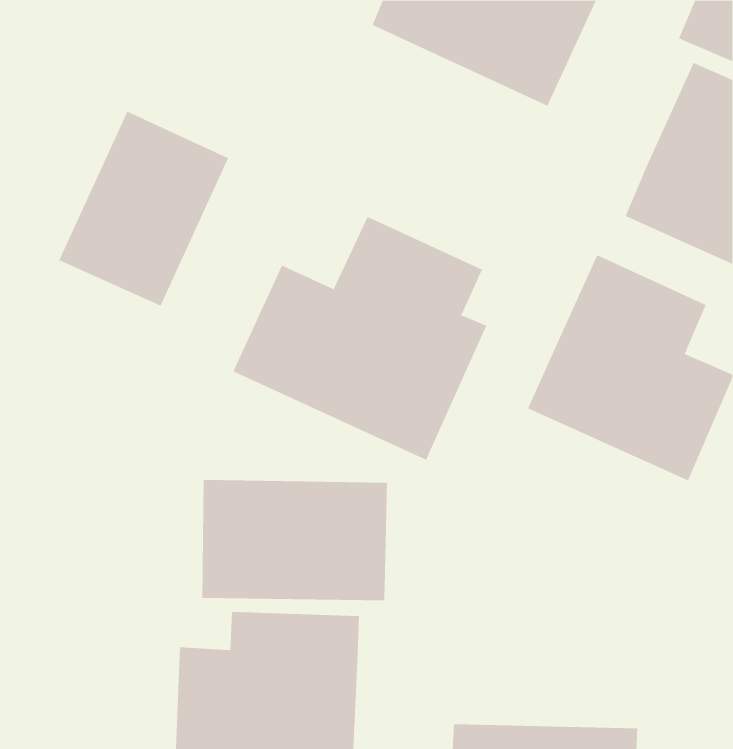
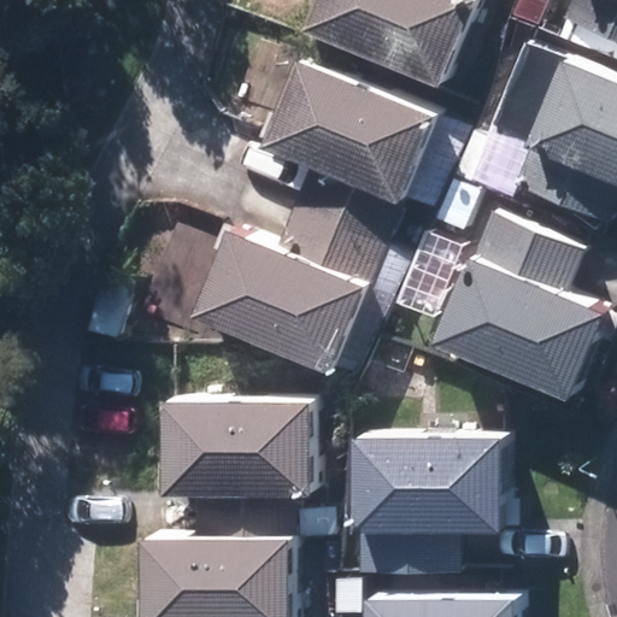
building: none -> [262,54,462,216]
building: [59,111,229,306] -> none
building: none -> [351,436,501,572]

